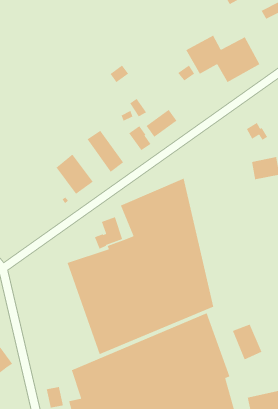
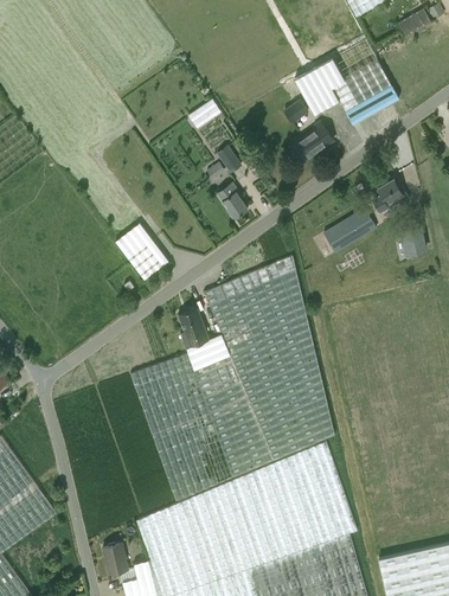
building: [146,109,177,138] -> [289,124,333,165]
building: [86,130,124,173] -> none
building: none -> [322,209,377,254]
building: [232,323,263,360] -> none

